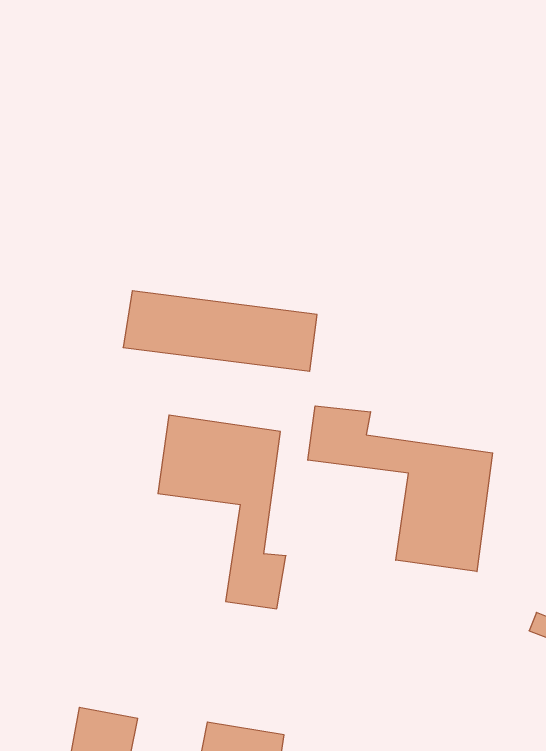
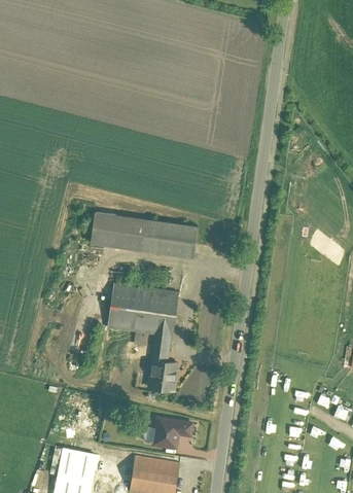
building: [308,406,493,572] -> none
building: none -> [152,417,193,450]

